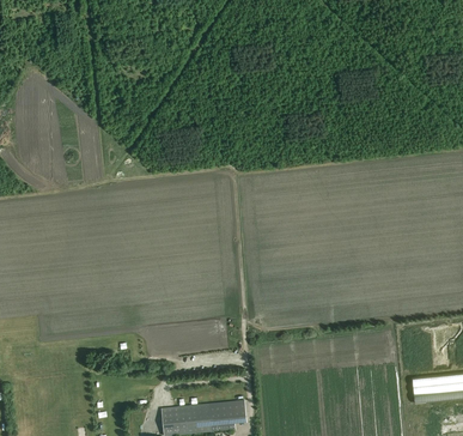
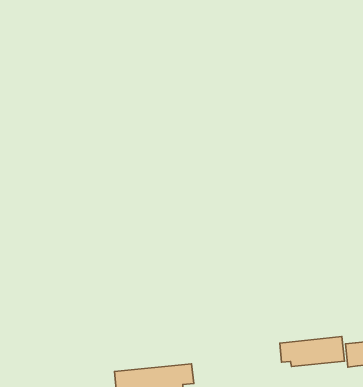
building: none -> [280,337,344,367]

